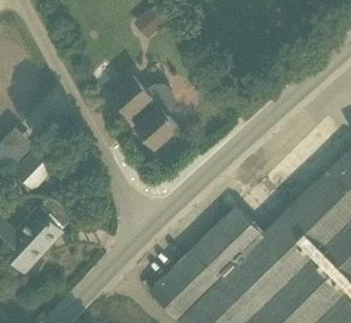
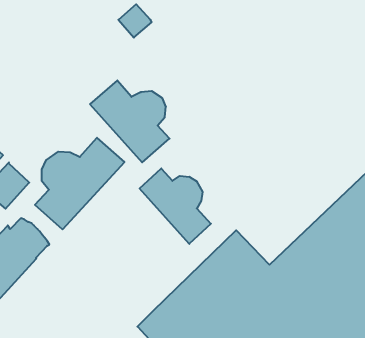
building: none -> [35,138,124,229]
building: none -> [140,168,211,244]

